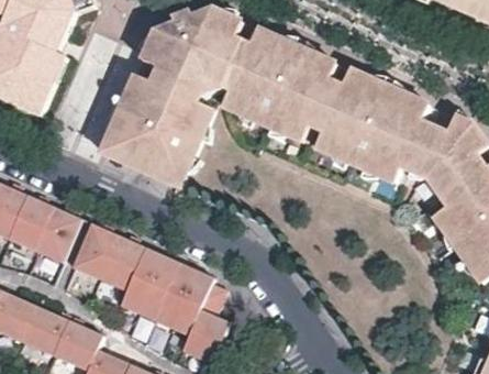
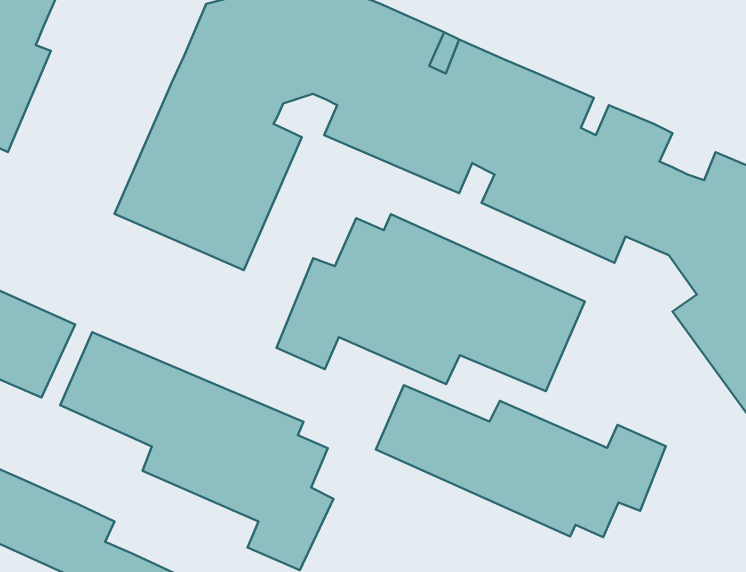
building: none -> [277,214,585,391]
building: none -> [376,385,666,537]

